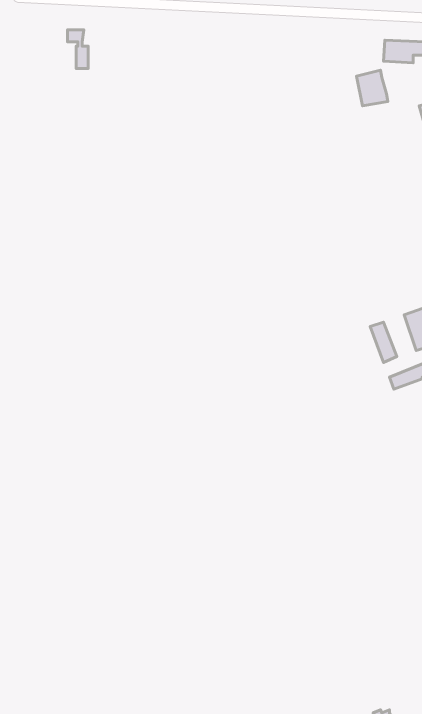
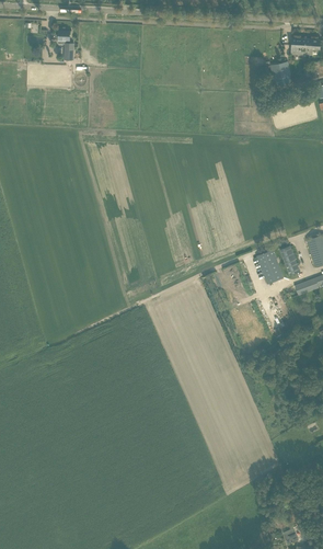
building: none -> [256,249,282,283]

